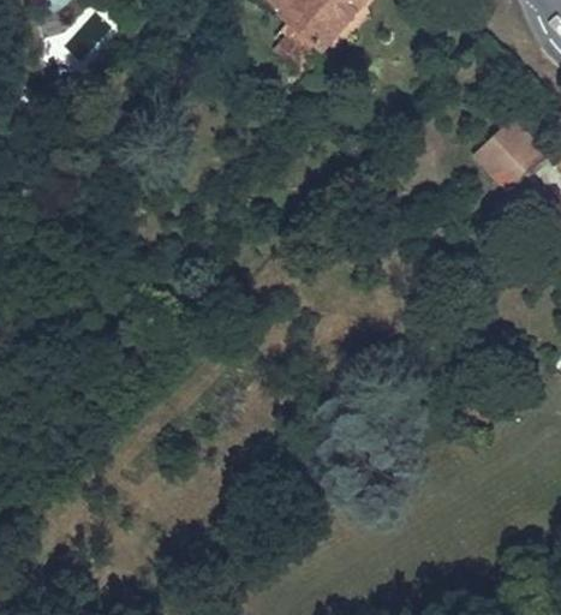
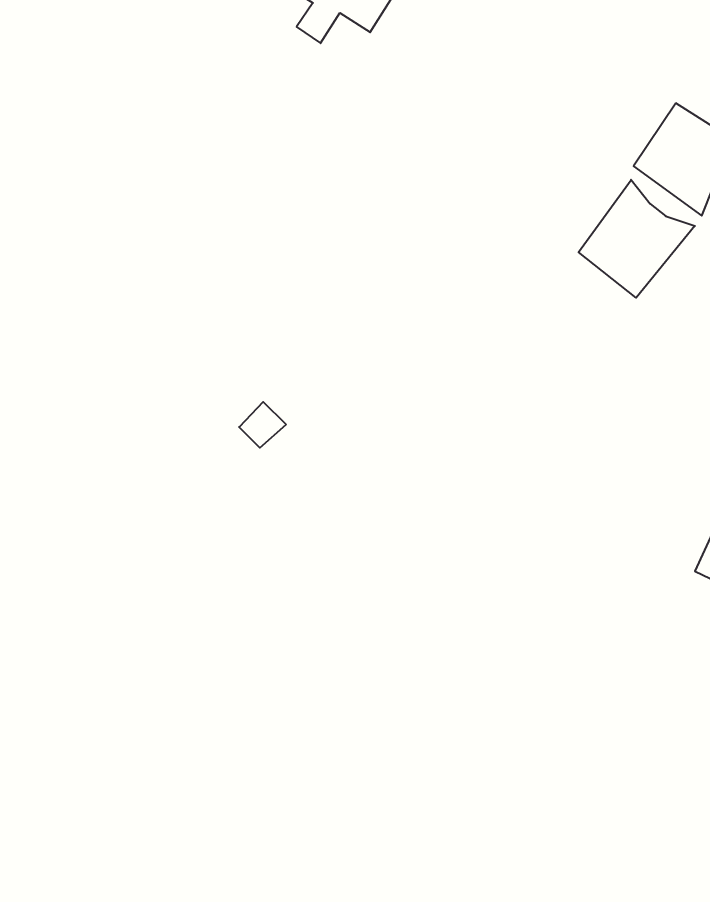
building: none -> [579,180,695,298]

